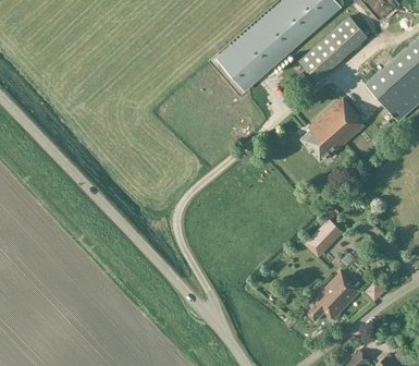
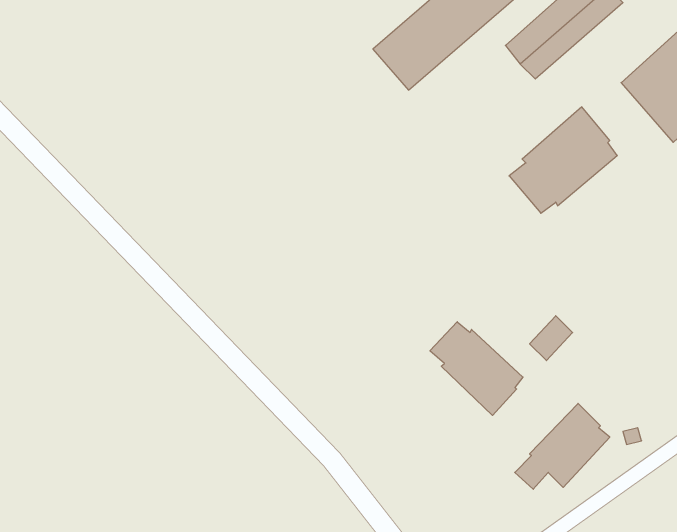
building: none -> [430,322,523,415]

